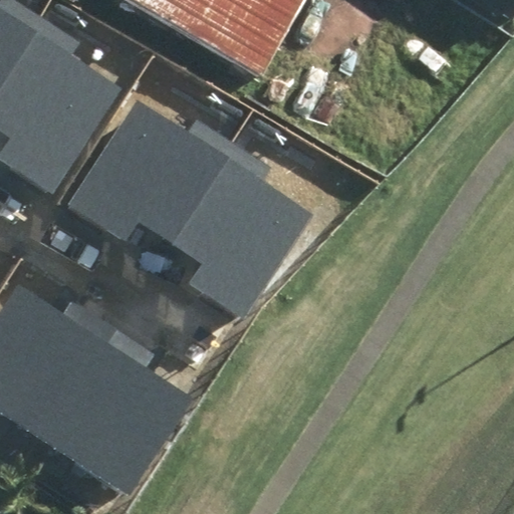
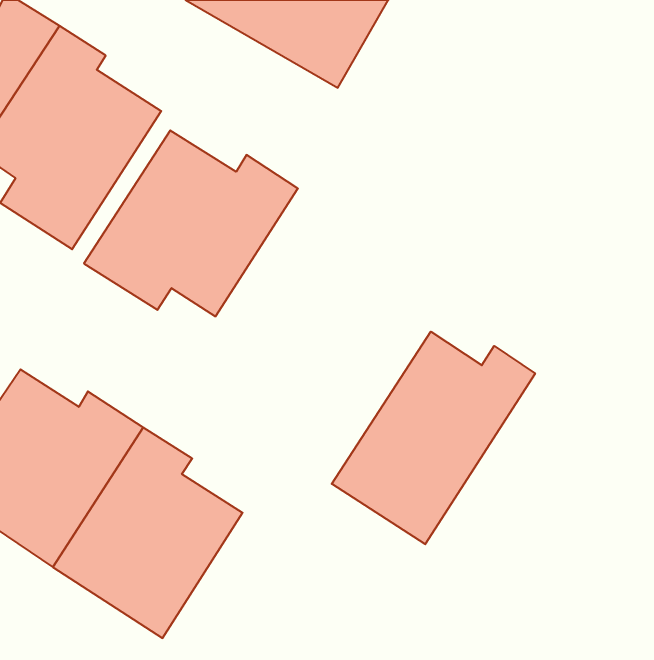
building: [168,147,311,320] -> none
building: none -> [332,332,535,544]

